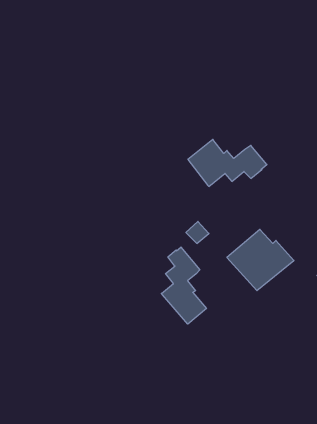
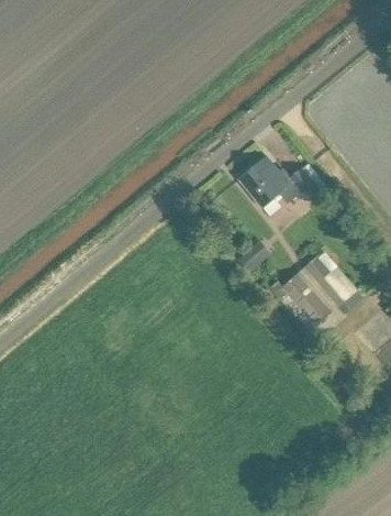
building: [161,247,206,324] -> none

